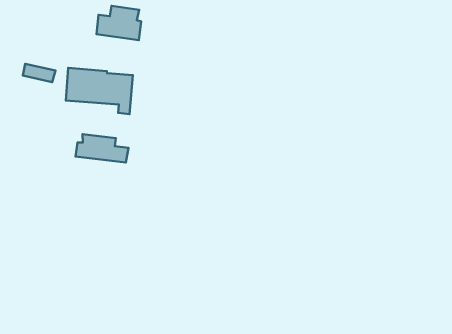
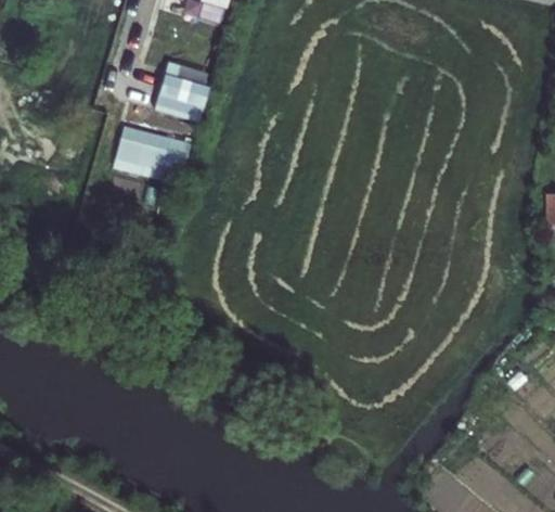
building: [76,134,128,163] -> none

